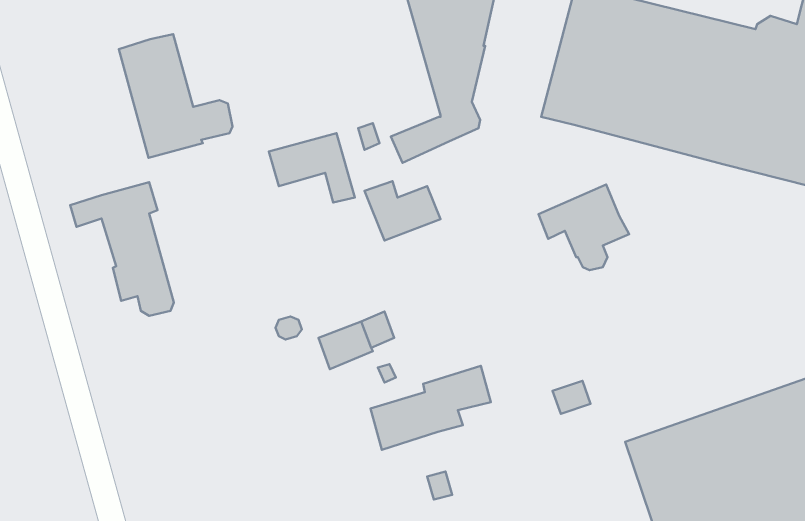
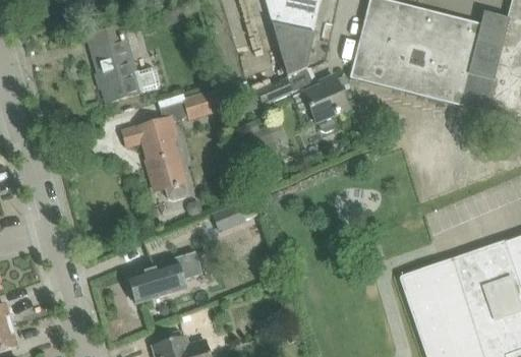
building: [70,182,174,316] -> [123,117,187,199]
building: [538,184,629,270] -> [293,77,349,130]
building: [370,366,491,450] -> [128,251,202,303]

